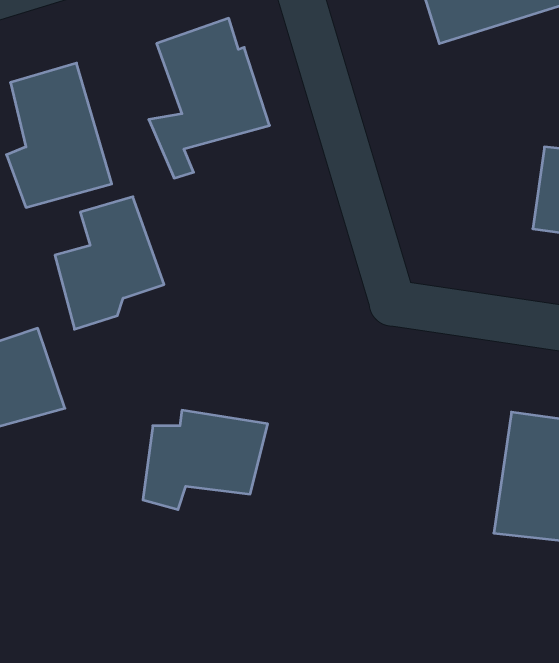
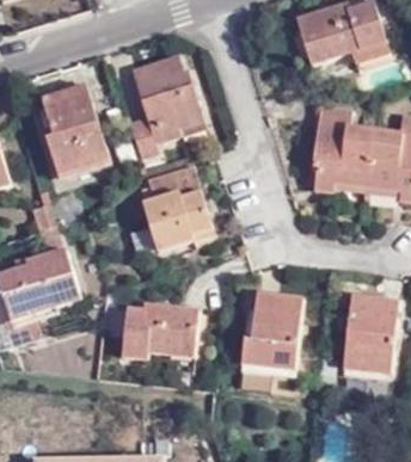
building: none -> [311,112,373,196]
building: [55,197,164,329] -> [147,171,214,252]
building: none -> [249,292,309,366]

